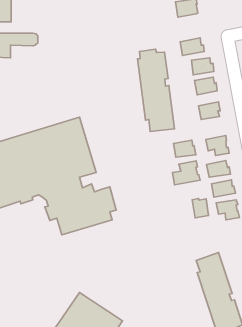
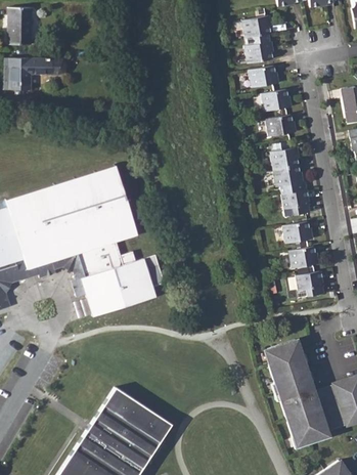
building: none -> [243,34,272,62]
building: [138,49,174,132] -> none
building: [173,140,196,157] -> [274,165,303,186]
building: [172,161,200,185] -> none
building: [192,198,208,218] -> none

